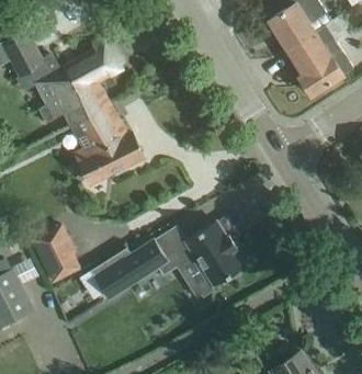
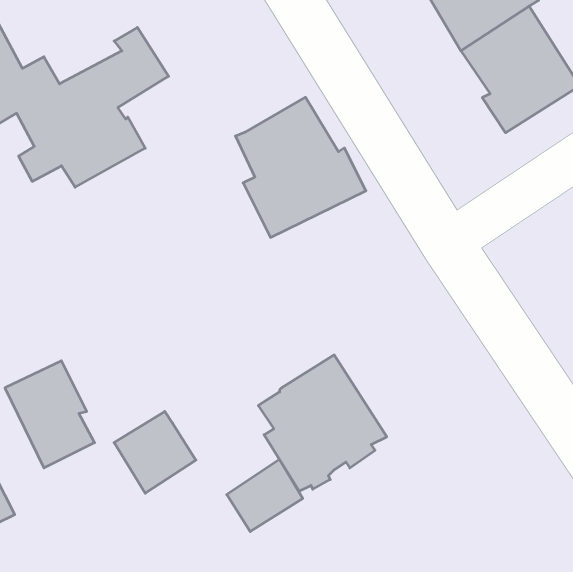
building: [69,104,143,183] -> [235,97,366,237]
building: [124,239,167,280] -> [227,459,303,532]

